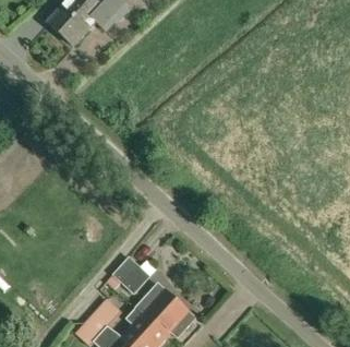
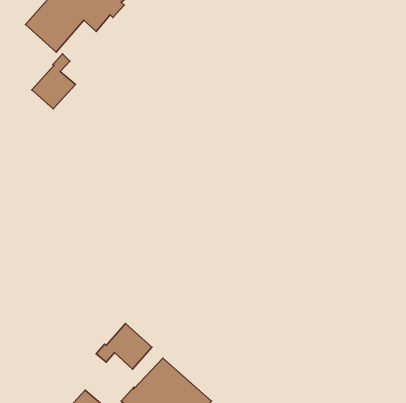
building: none -> [32,54,75,109]

